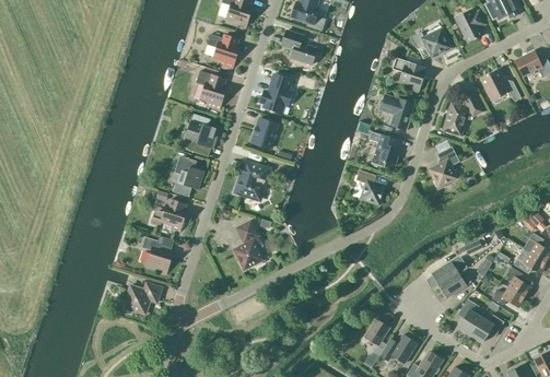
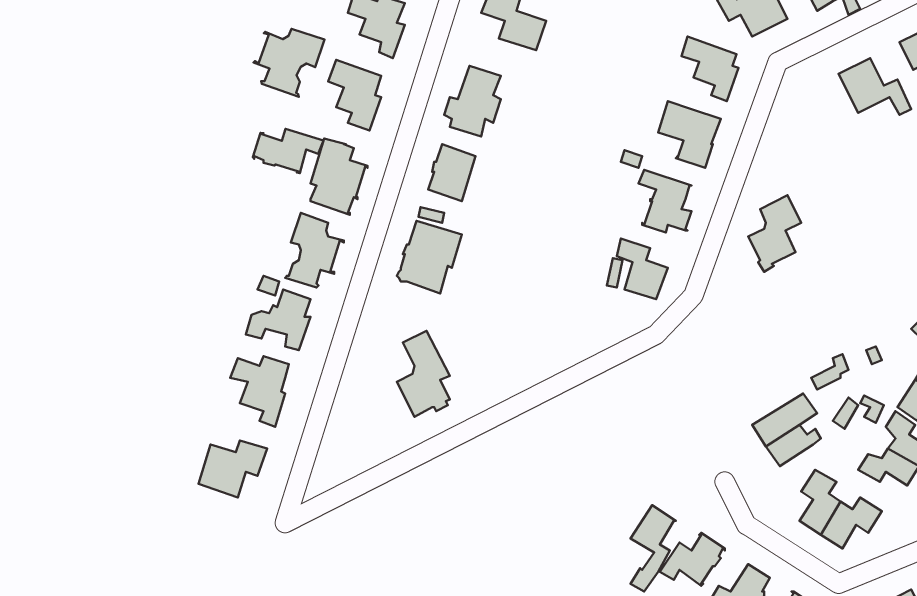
building: none -> [254,29,324,97]
building: [443,92,482,136] -> none
building: none -> [253,129,324,173]

